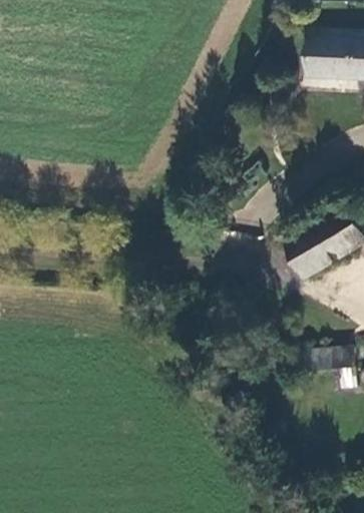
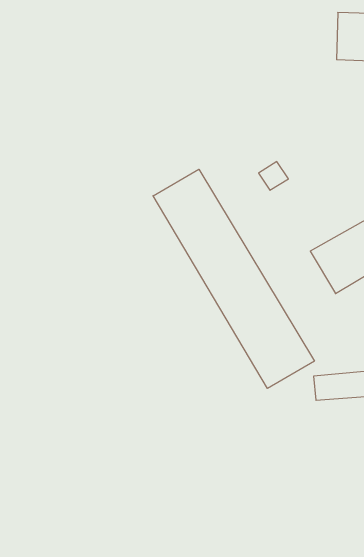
building: none -> [153,169,314,388]

